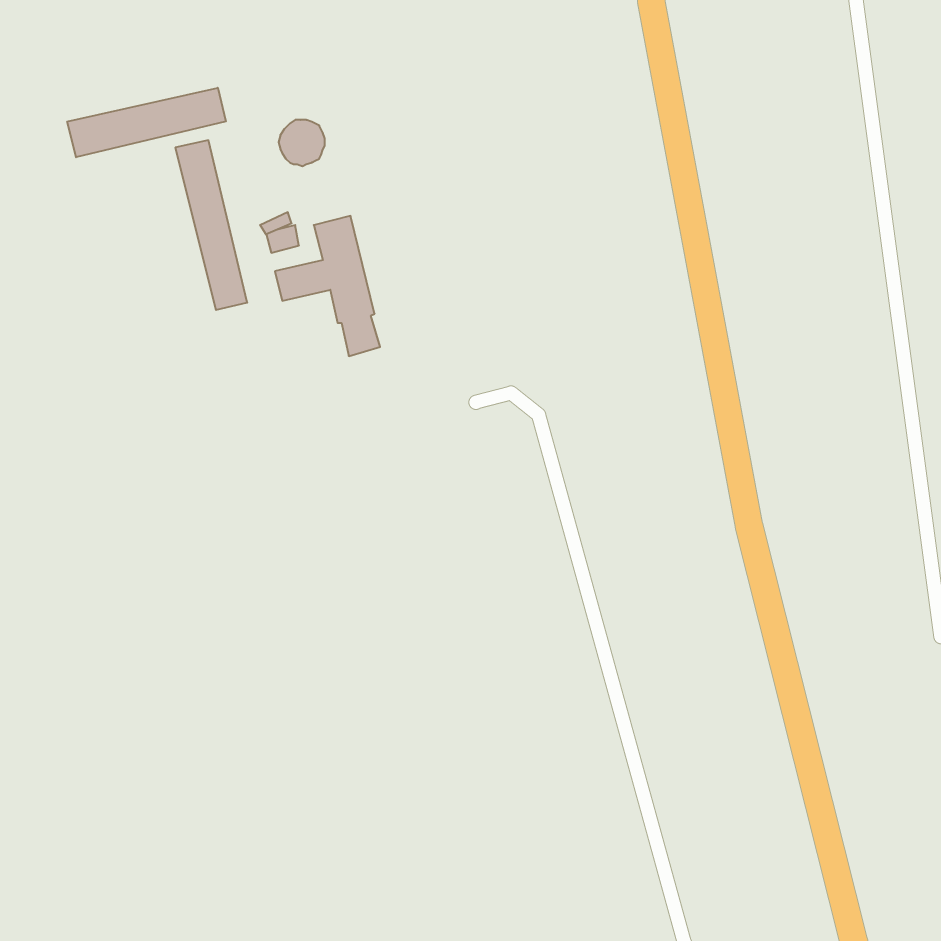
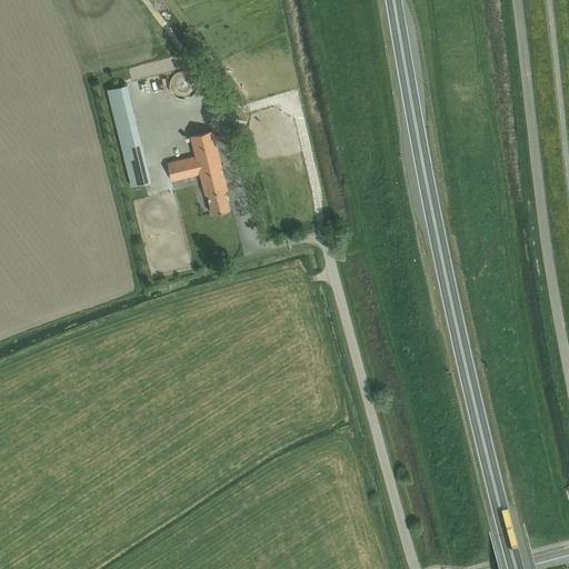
building: [67,88,226,157] -> none

